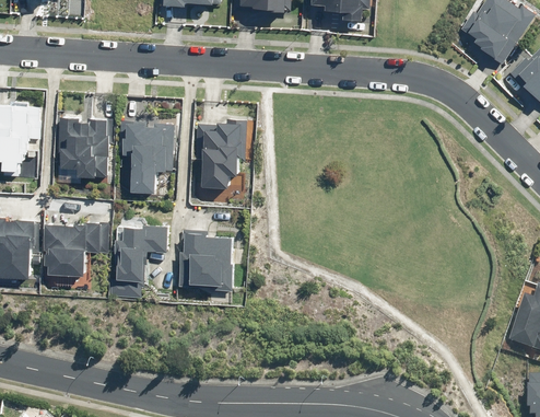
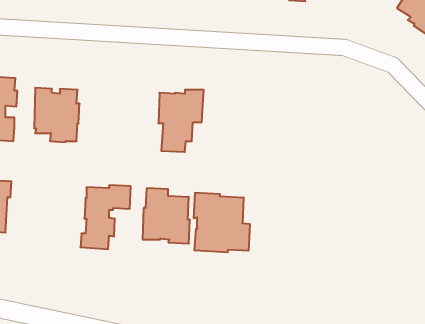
building: [122,121,174,193] -> none
building: [44,221,109,276] -> none
building: none -> [194,193,250,252]

